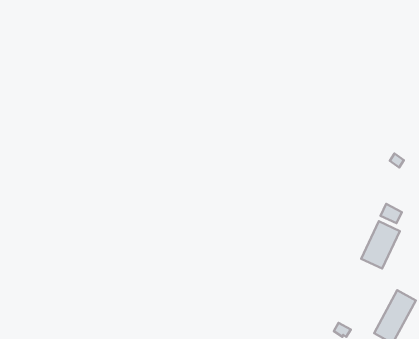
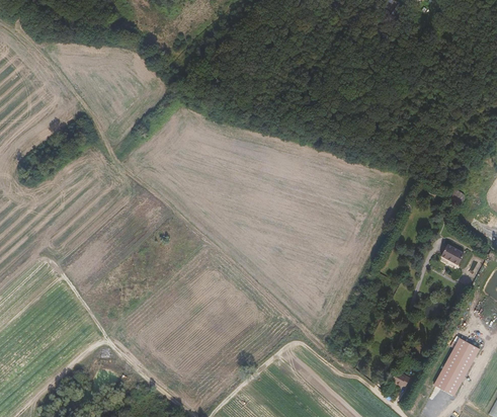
building: [361,221,400,269] -> none

